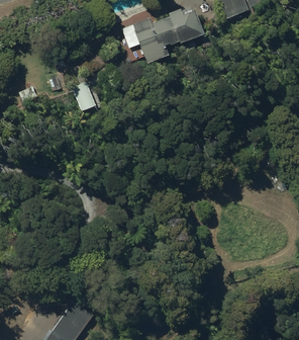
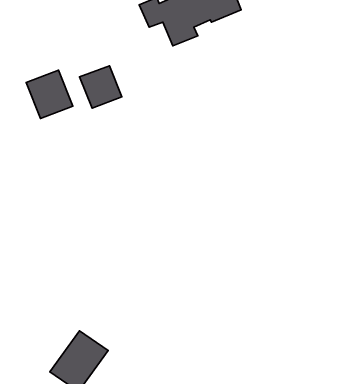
building: none -> [26,70,73,118]

